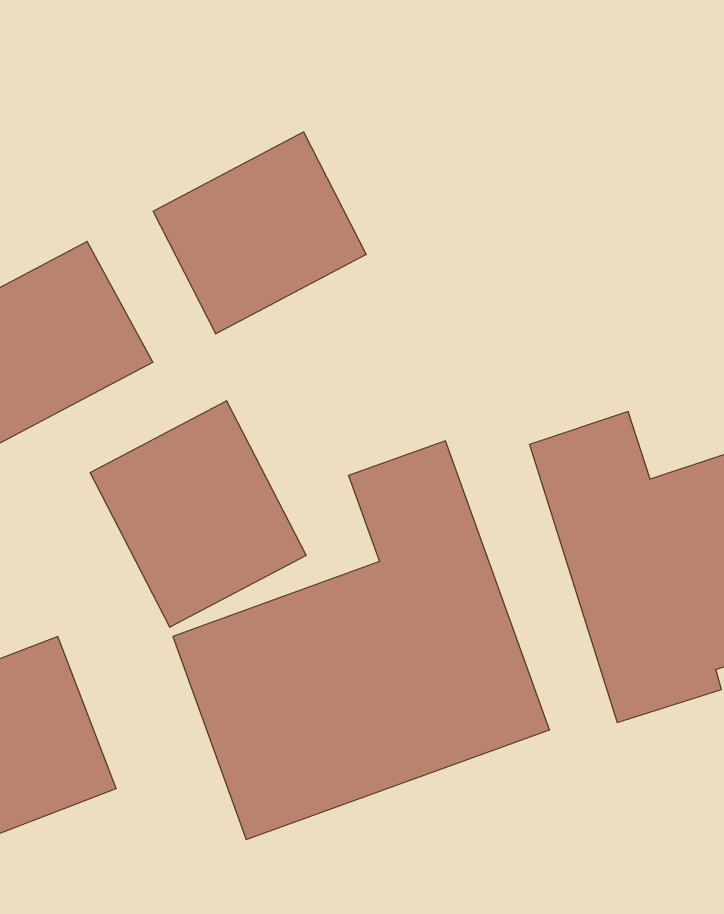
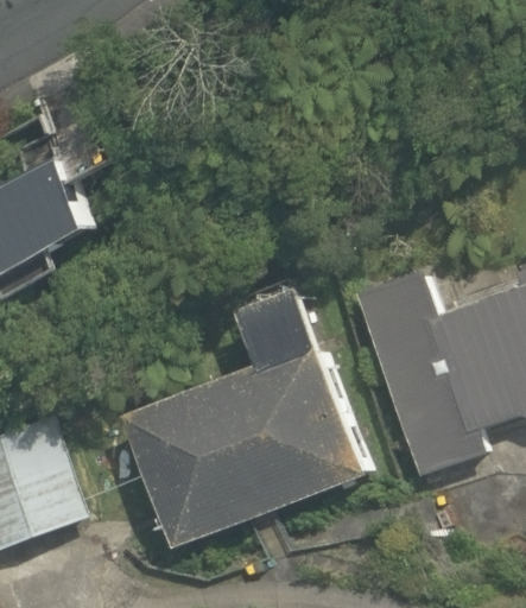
building: [153,132,366,334] -> none
building: [90,401,306,627] -> none

